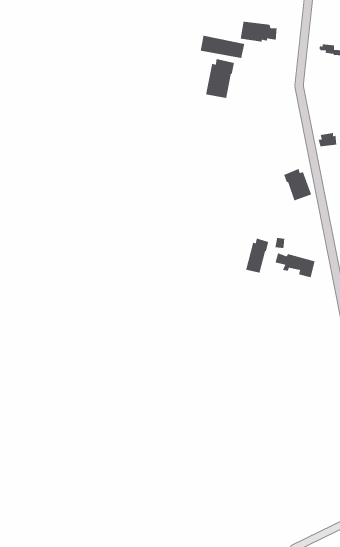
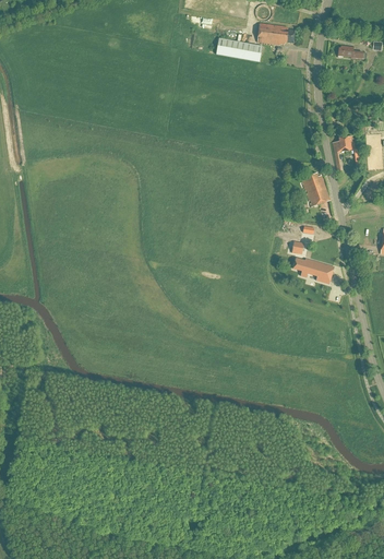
building: [205,58,235,99] -> none
building: [245,237,269,274] -> none

